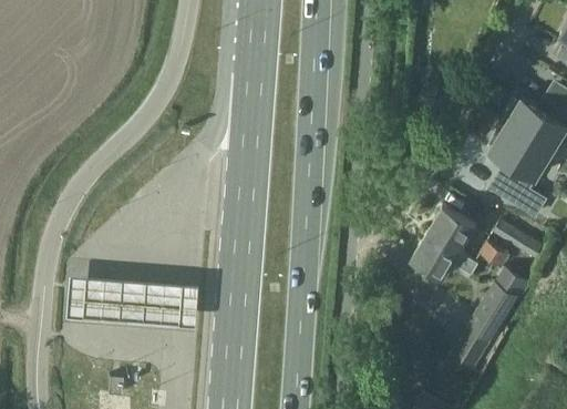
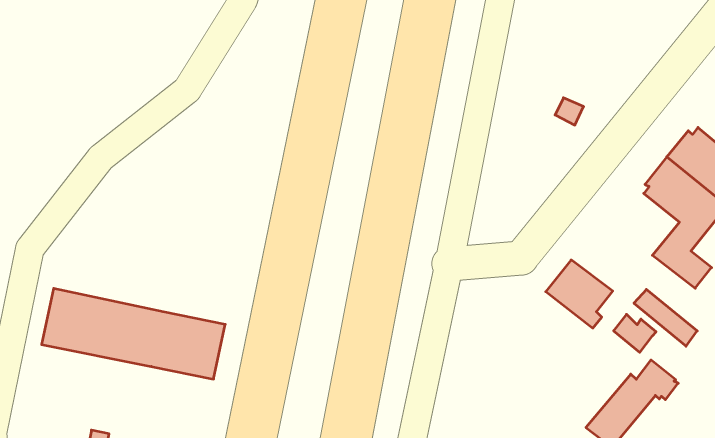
building: [411,232,480,278] -> none

